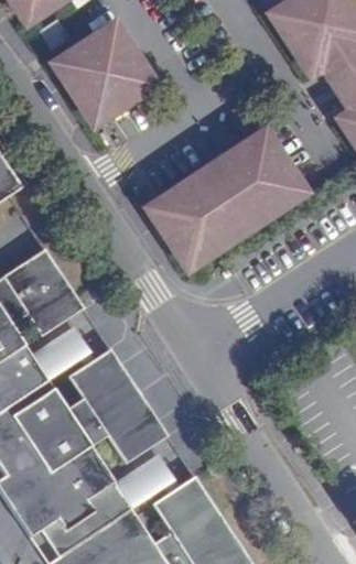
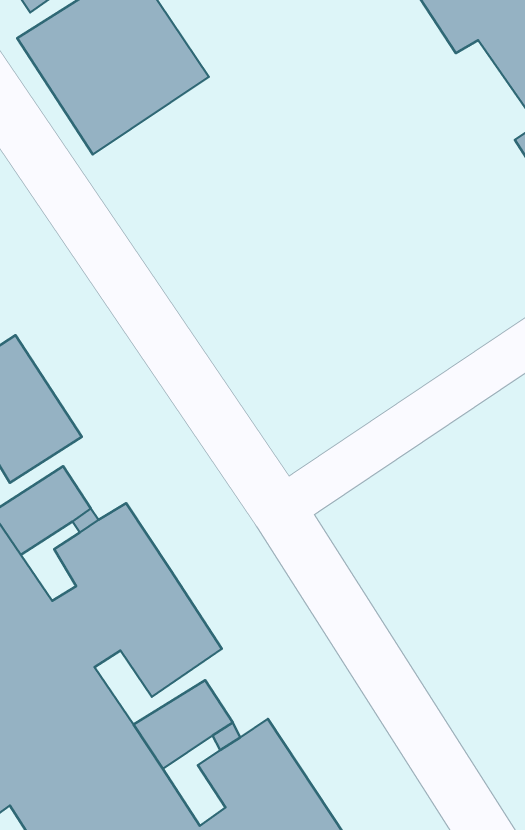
building: [138,130,309,279] -> none

